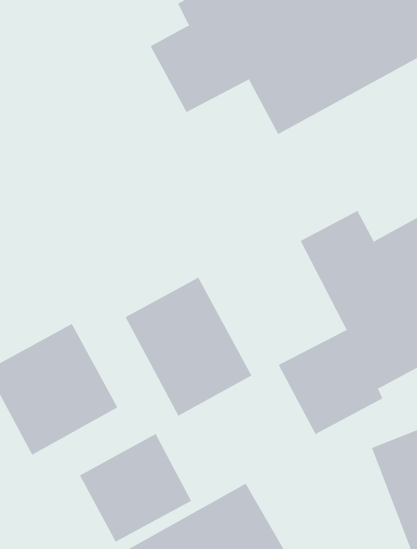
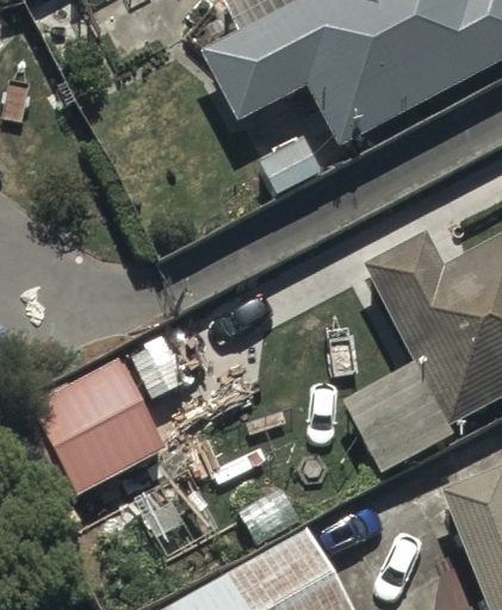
building: [125,277,252,417] -> none
building: [79,433,192,543] -> none

